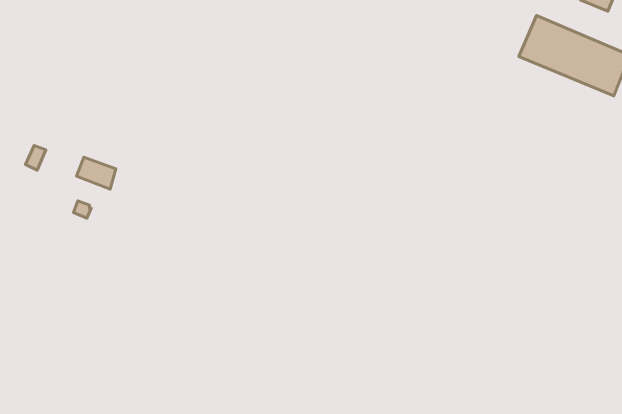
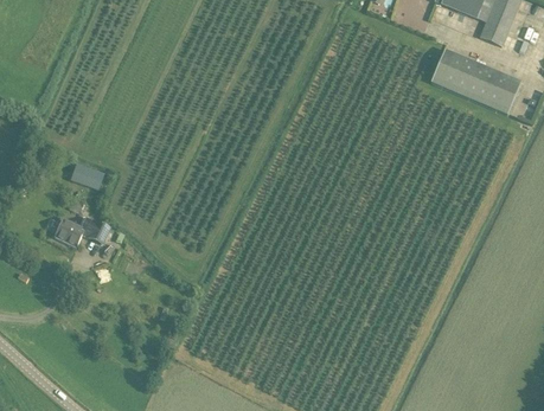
building: none -> [56,216,110,245]

